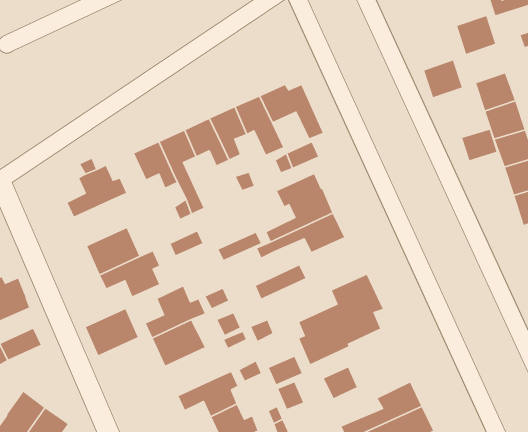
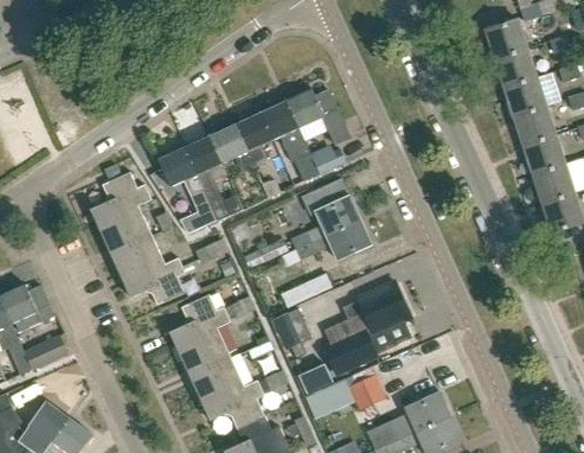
building: [423,60,463,98] -> [494,49,534,88]
building: [461,129,497,161] -> none
building: none -> [97,205,152,253]
building: [85,308,139,356] -> [190,356,244,404]

